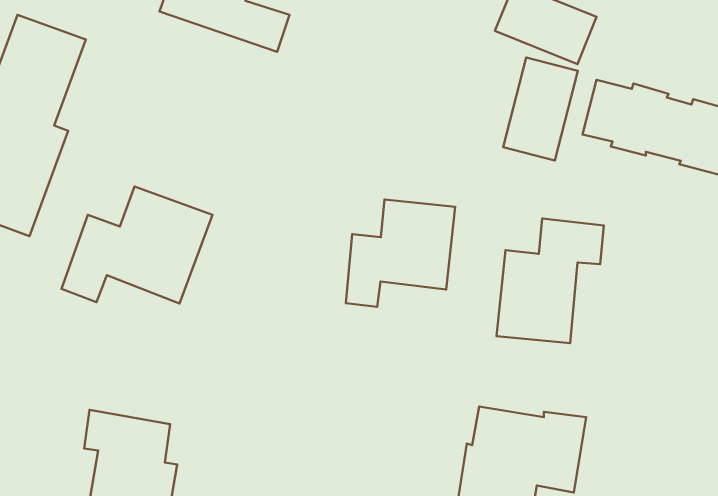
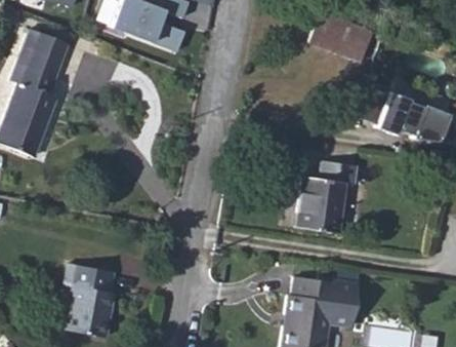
building: [503,58,578,160] -> none
building: [62,186,213,303] -> none
building: [346,200,455,307] -> none

